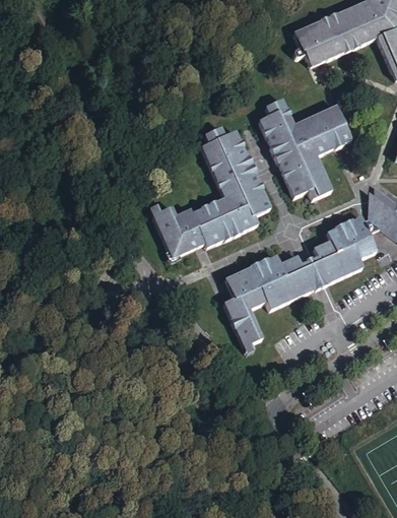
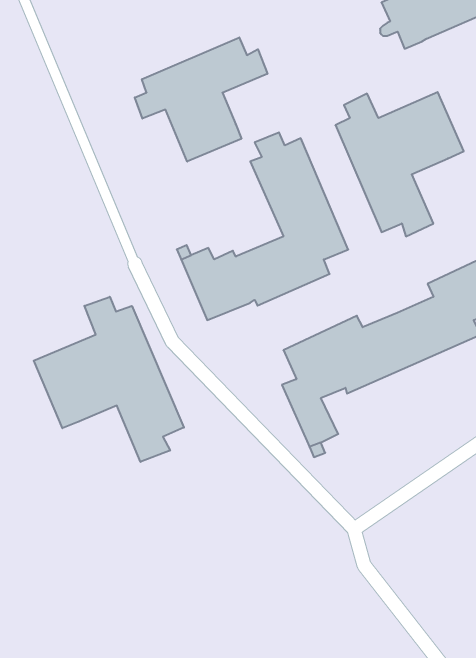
building: none -> [135,37,267,162]
building: none -> [34,297,184,462]

